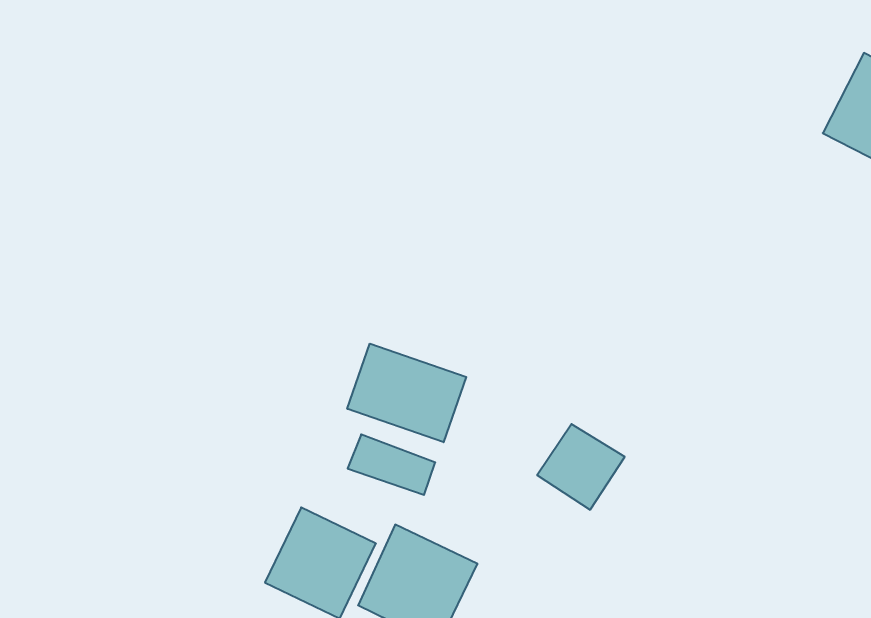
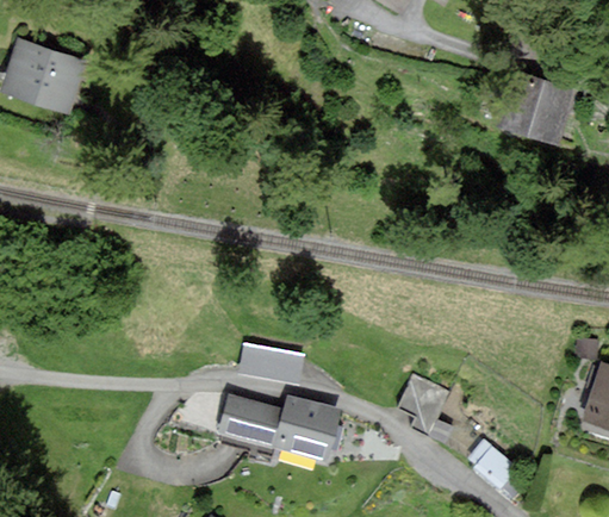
building: [347,344,466,442] -> none
building: [537,424,625,510] -> [397,367,447,416]

